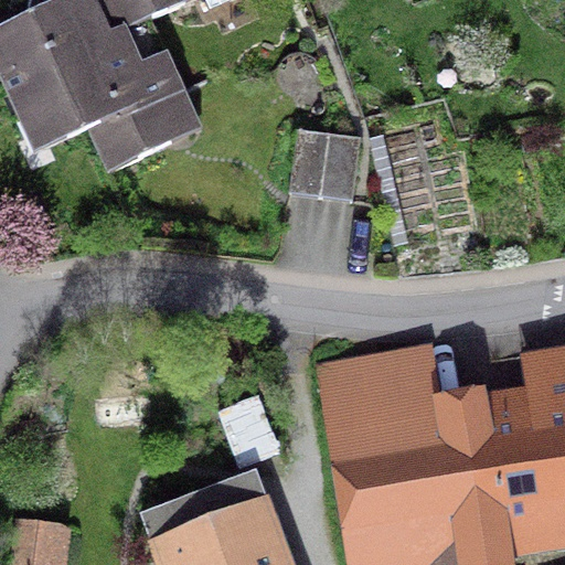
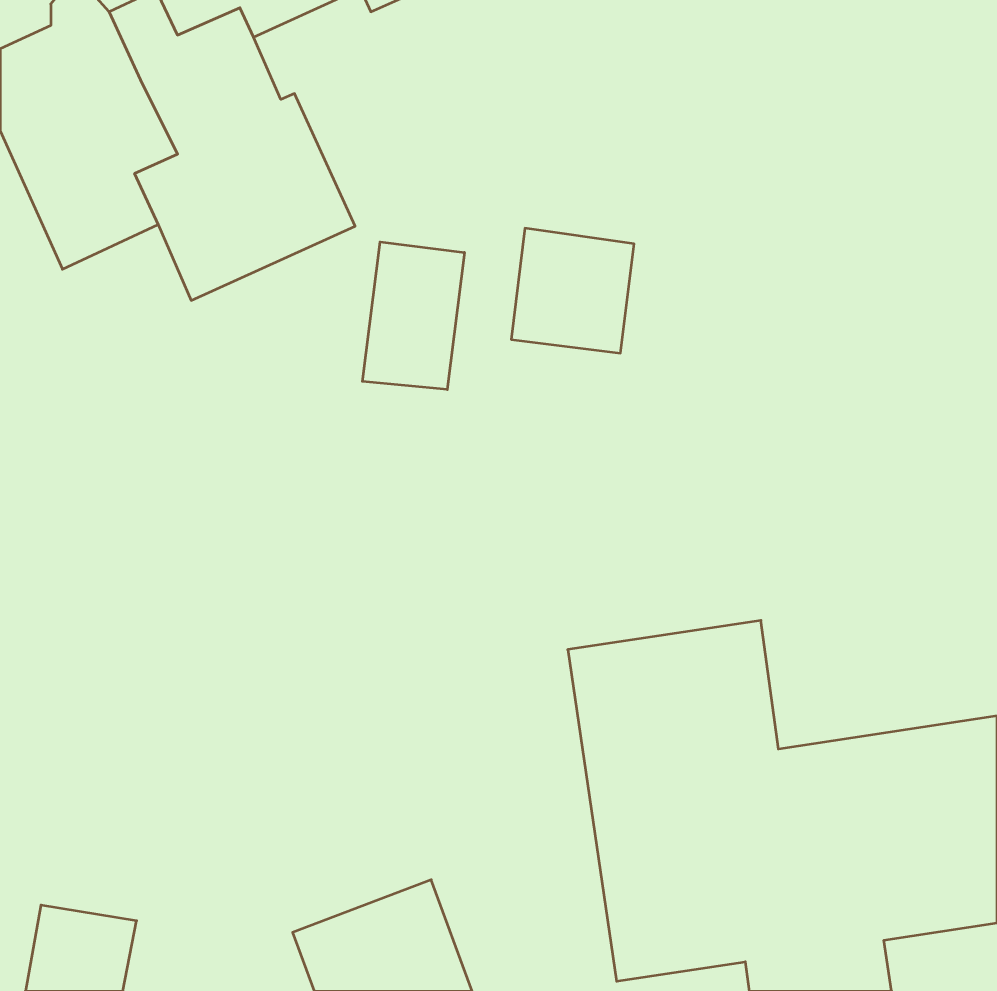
building: none -> [362,242,464,390]

